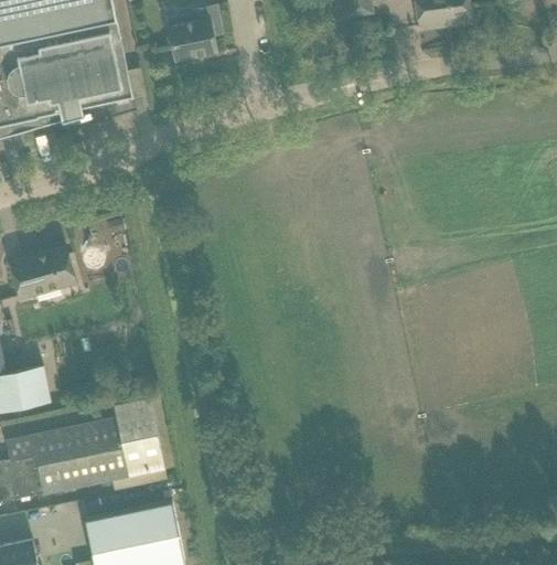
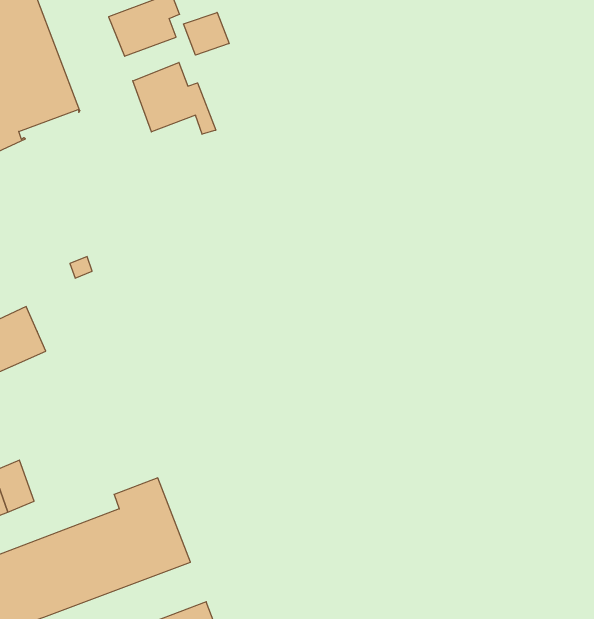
building: none -> [184,12,229,55]
building: none -> [133,62,216,134]

